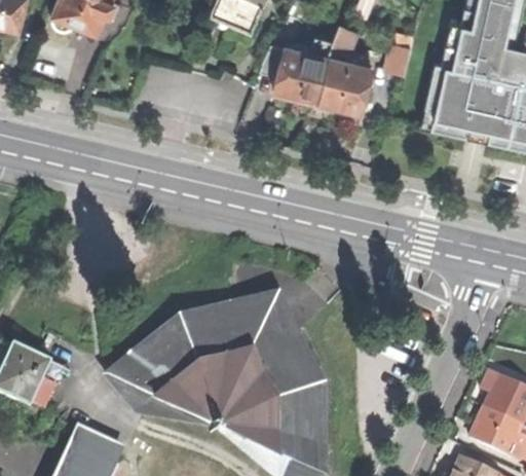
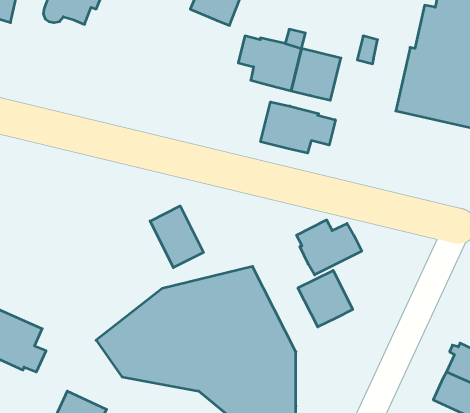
building: none -> [261,102,335,153]
building: none -> [150,206,203,268]
building: none -> [297,220,362,275]
building: none -> [298,270,353,327]

